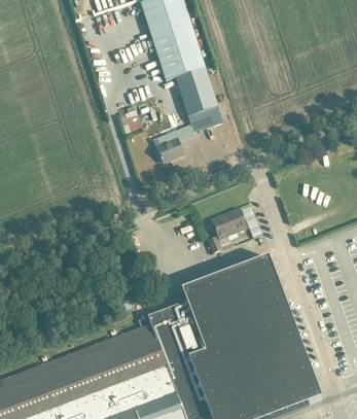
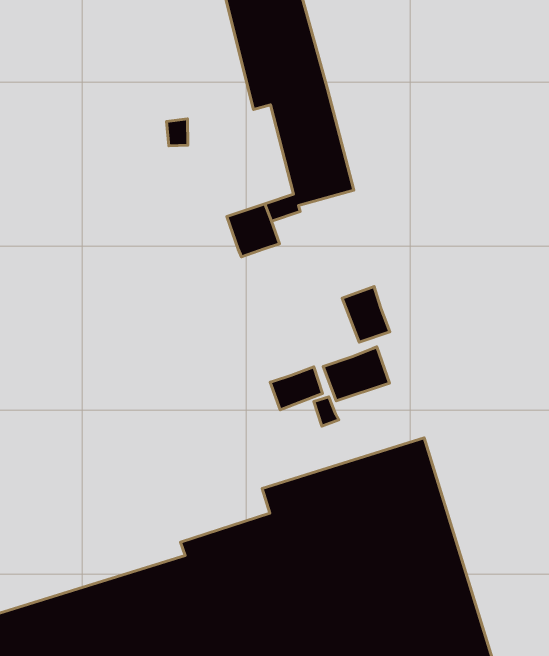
building: none -> [342,287,390,342]
building: none -> [270,367,323,410]

